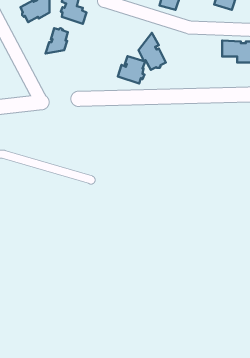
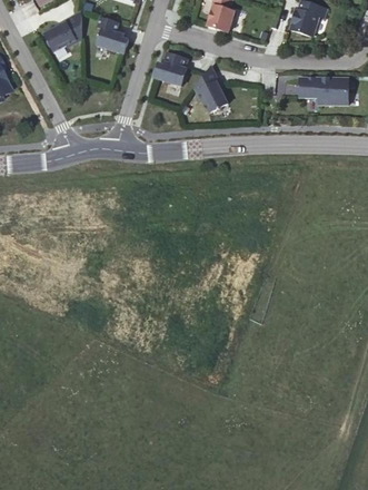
building: [45,28,68,54] -> none
building: [118,56,145,83] -> [153,52,188,87]

